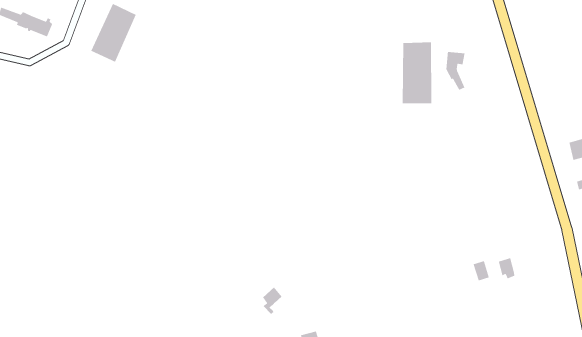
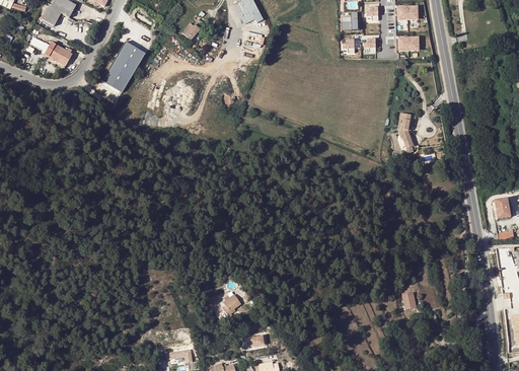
building: [402,42,432,104] -> none

